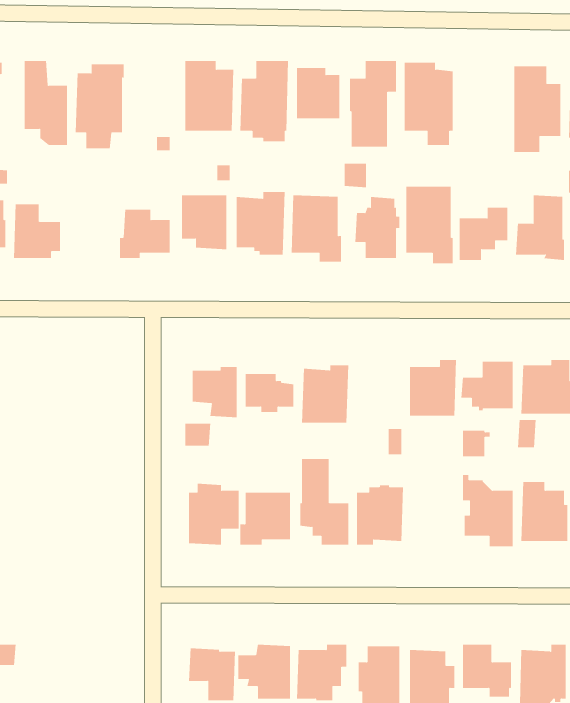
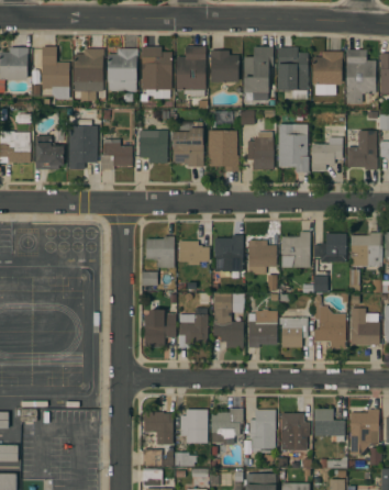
building: none -> [107,48,136,91]
building: none -> [312,52,342,94]
building: none -> [68,124,97,169]
building: none -> [247,240,276,275]
building: none -> [278,318,313,347]

